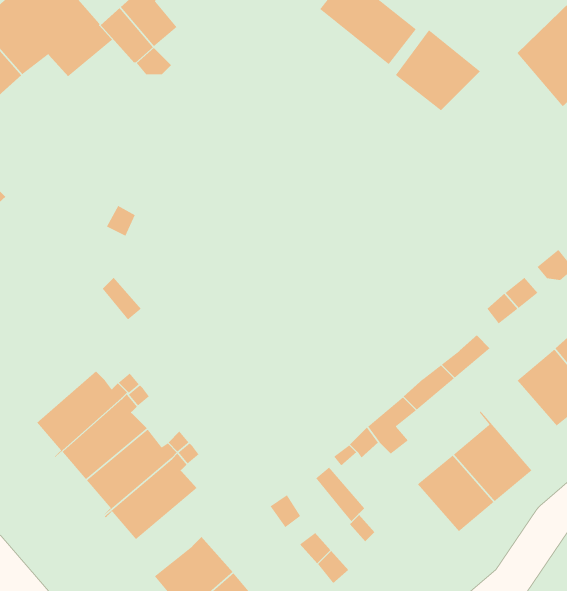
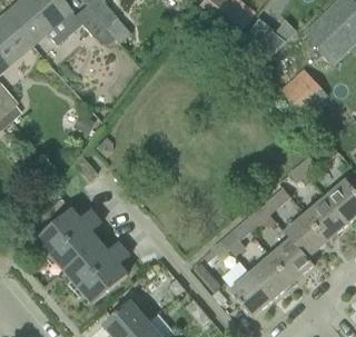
building: none -> [277,68,328,119]
building: none -> [286,214,328,264]
building: none -> [230,271,274,316]

